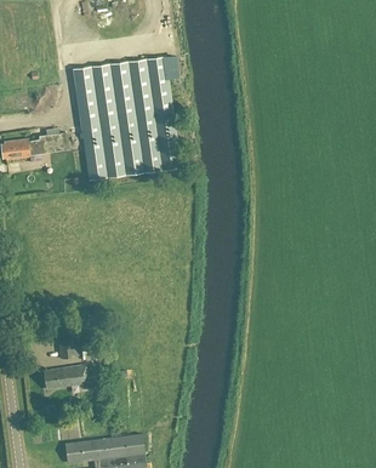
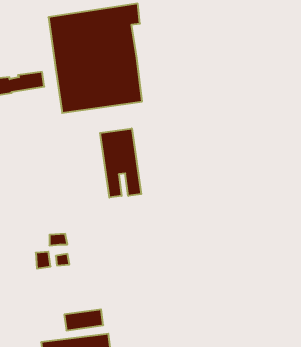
building: none -> [100,128,141,198]
building: [42,363,87,387] -> [64,309,103,330]

